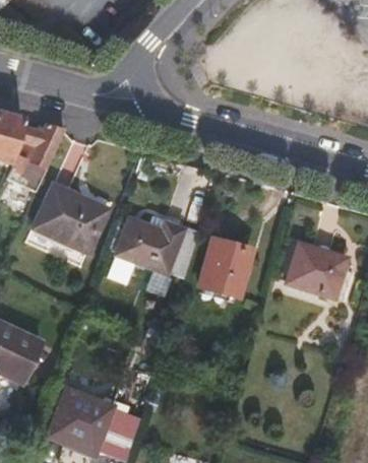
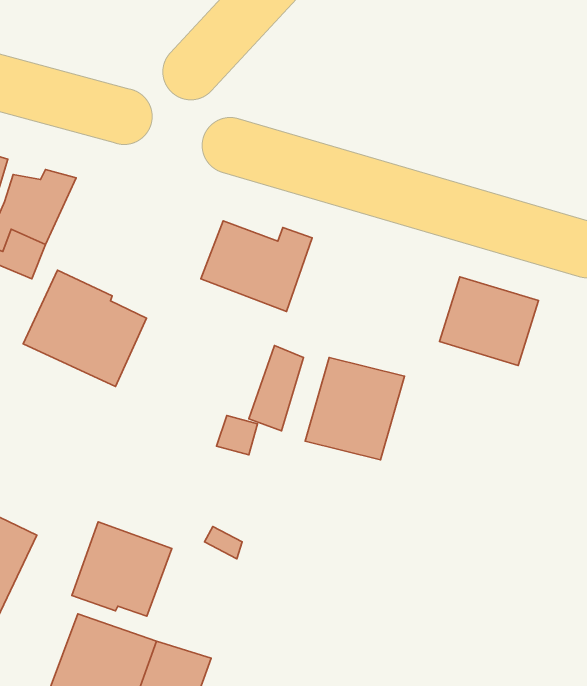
building: [115,218,181,272] -> [201,221,312,311]
building: [286,244,345,296] -> [439,277,539,366]
building: none -> [72,522,172,616]

